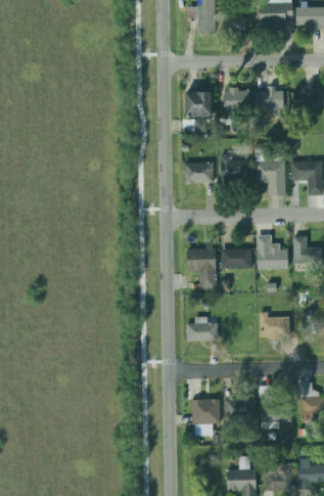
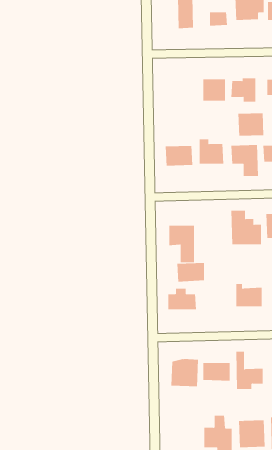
building: [185,94,212,119] -> none
building: none -> [238,113,264,136]
building: [220,247,250,269] -> [177,263,205,282]

